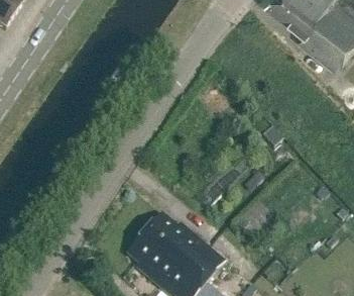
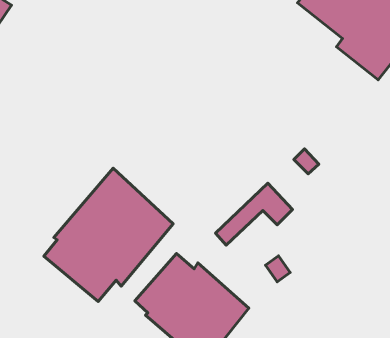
building: none -> [44,168,173,302]

